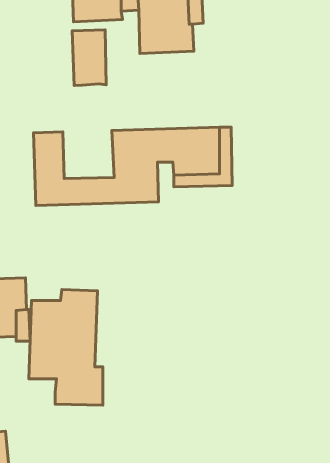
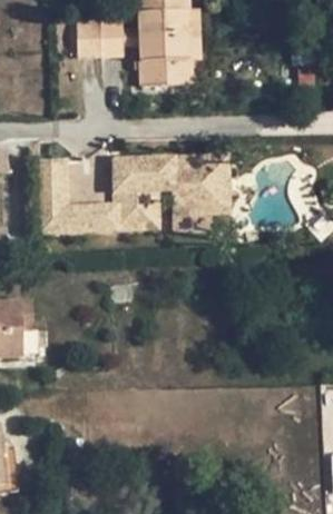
building: [72,30,106,86] -> none
building: [29,290,103,405] -> none

